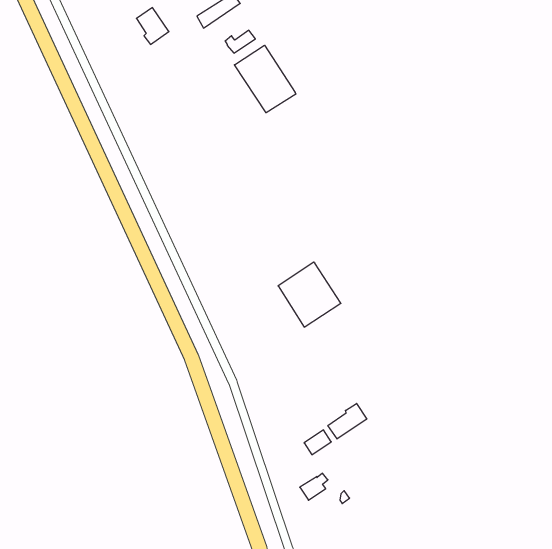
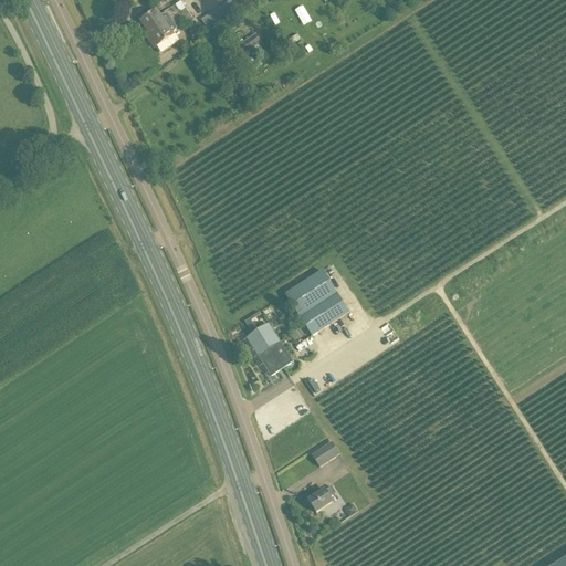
building: [234,45,296,113] -> none
building: none -> [251,322,292,374]
building: [328,403,367,439] -> none

